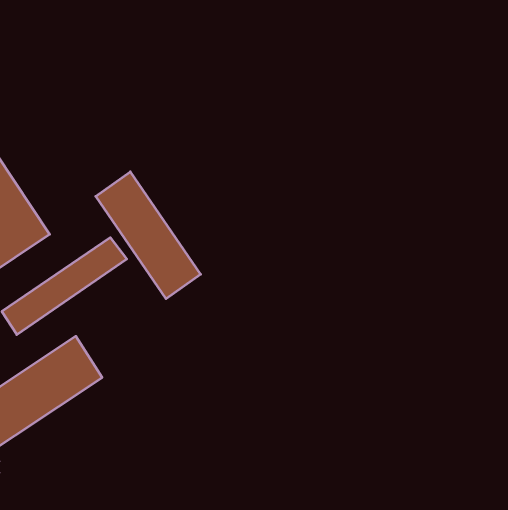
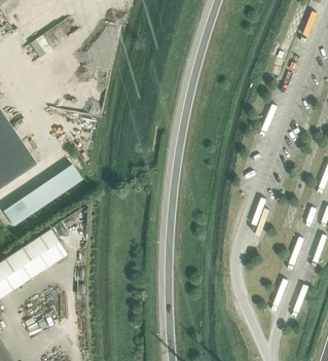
building: [96,172,201,299] -> none

